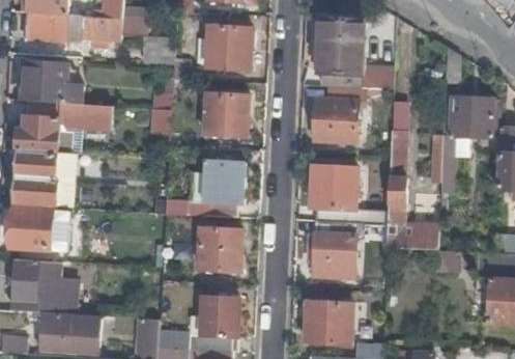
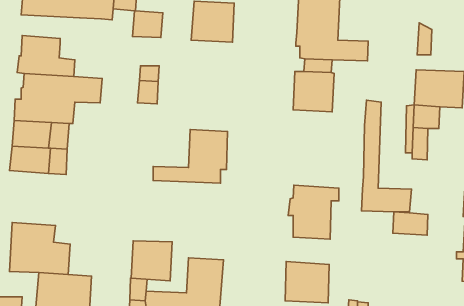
building: [204,93,247,135] -> none
building: [310,165,388,223] -> none
building: [10,206,68,251] -> none
building: [198,227,241,270] -> [131,241,172,281]

